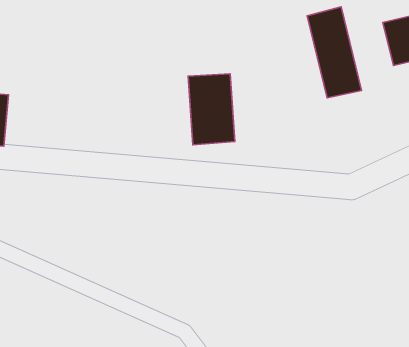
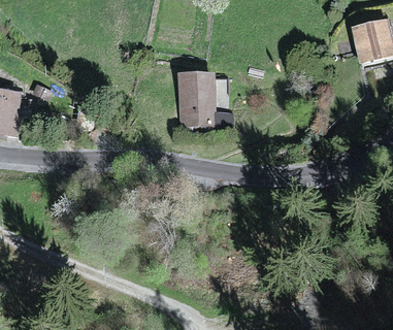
building: [307,7,361,98] -> none

